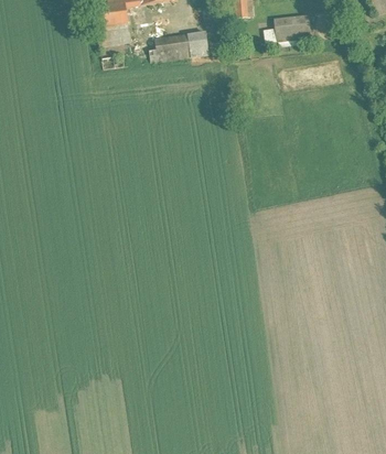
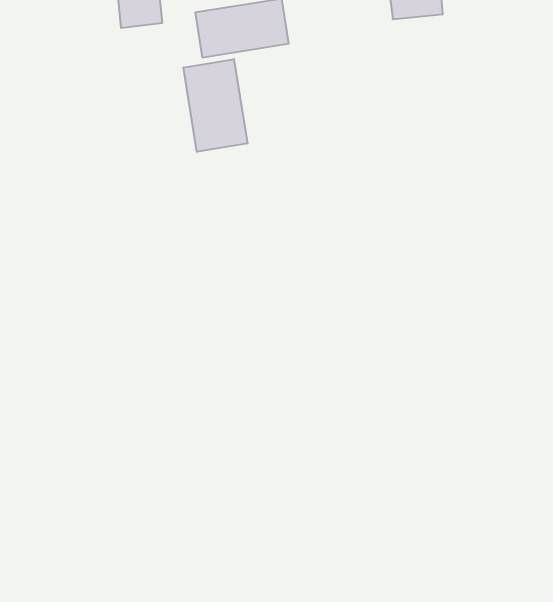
building: none -> [183,59,247,152]

